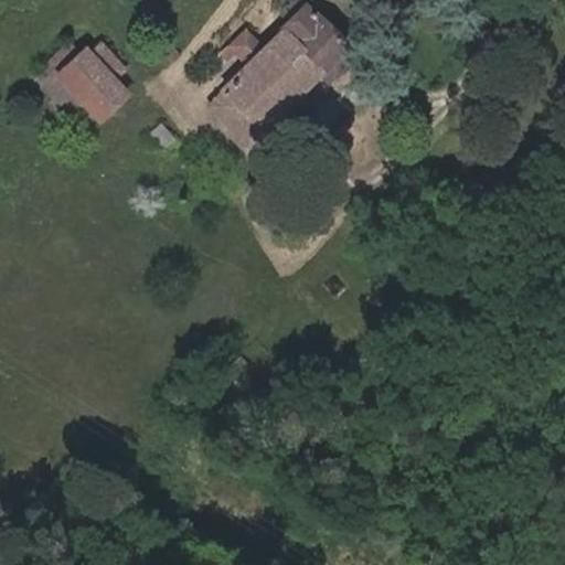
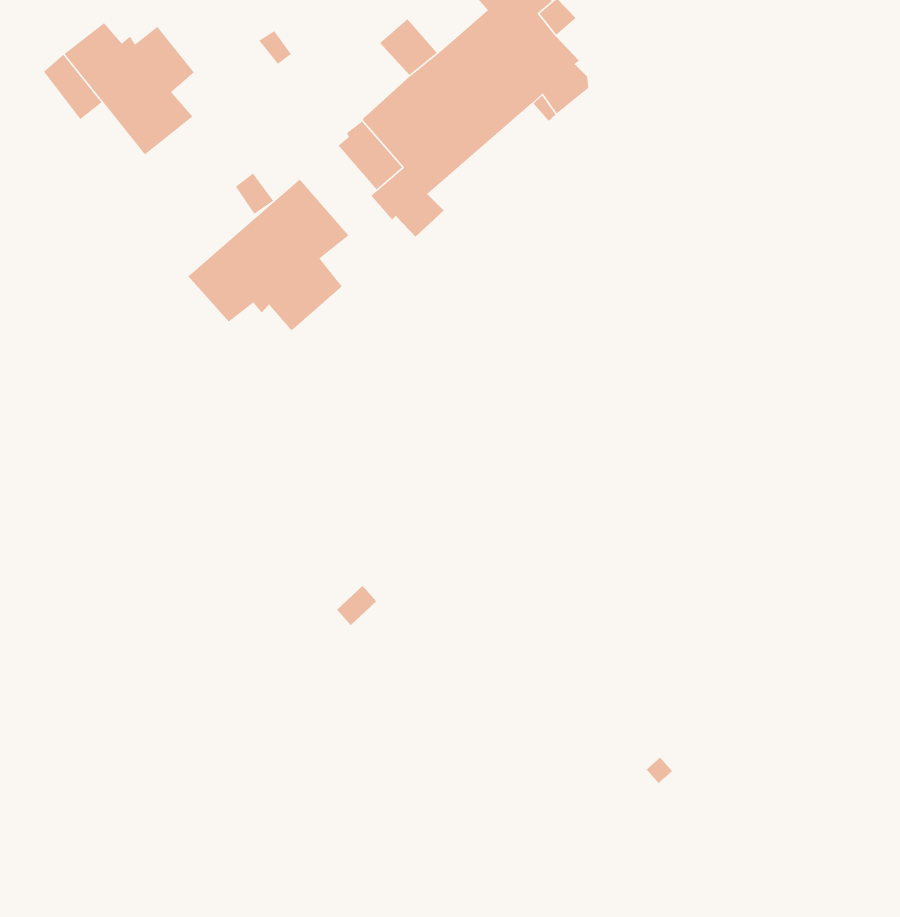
building: none -> [188,179,349,331]

